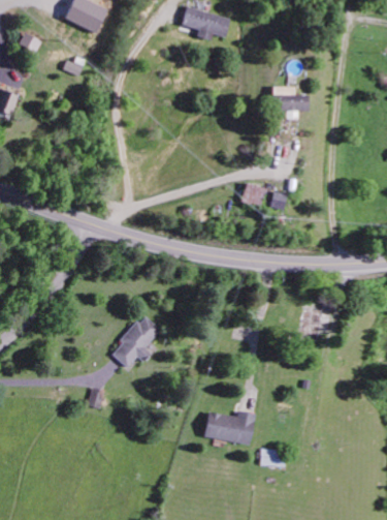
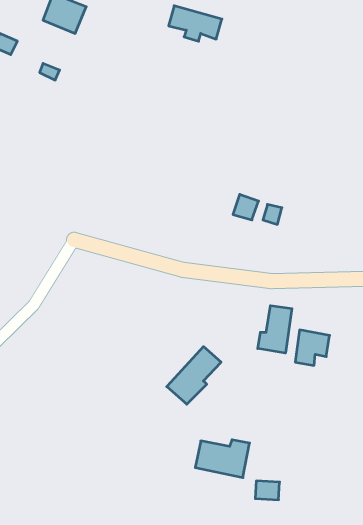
building: [272,86,309,119] -> none
building: none -> [258,306,292,353]
building: [110,315,161,369] -> [167,347,221,404]

